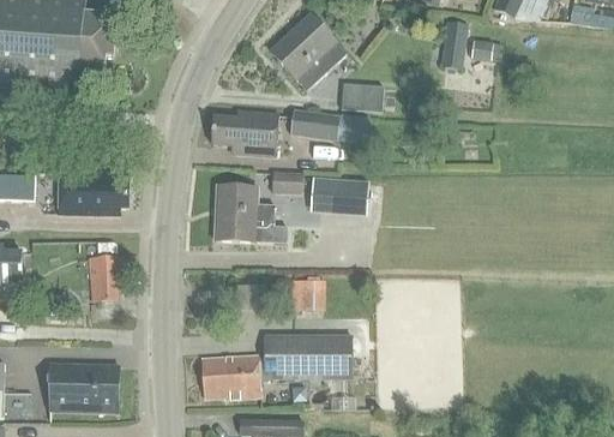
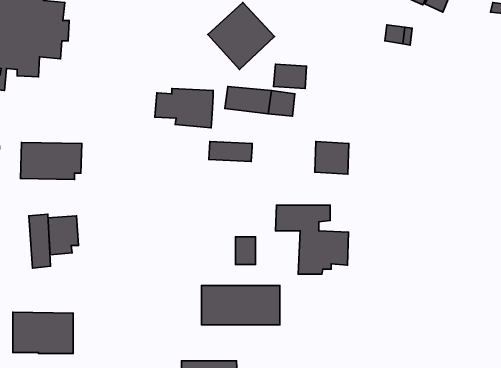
building: [439,20,468,67] -> none
building: [329,178,367,215] -> [315,141,349,174]
building: [213,184,275,241] -> none
building: none -> [276,205,349,274]
building: none -> [29,214,51,268]
building: [201,353,260,397] -> none

